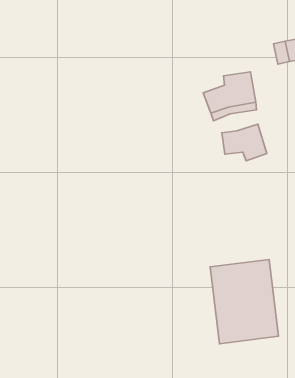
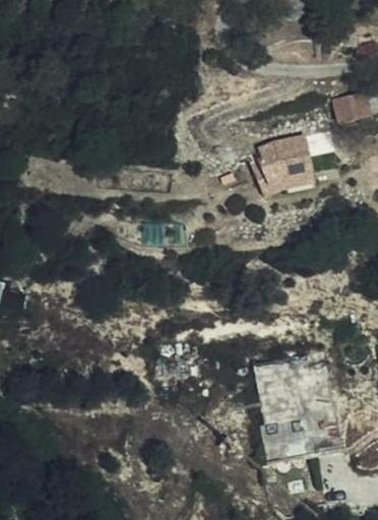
building: [222,124,267,161] -> none

